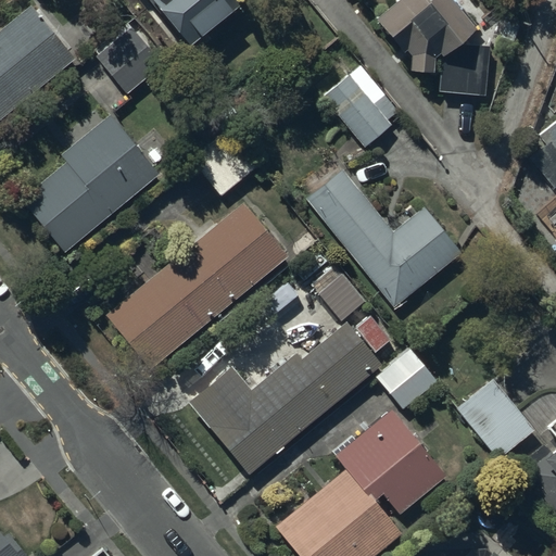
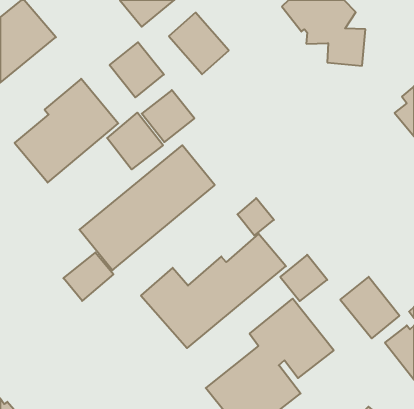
building: [92,23,165,97] -> [110,42,164,97]
building: [323,66,403,149] -> [169,13,229,74]
building: none -> [107,113,163,169]
building: [304,168,463,308] -> none
building: none -> [63,252,113,301]

